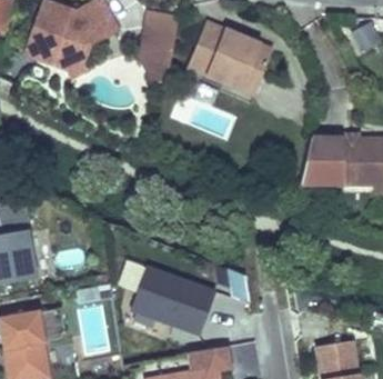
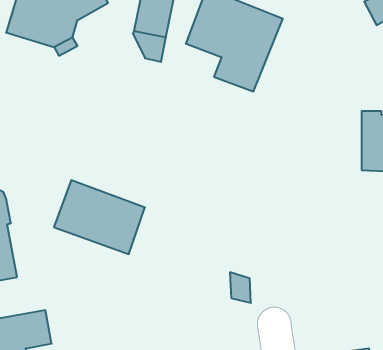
building: [301,130,347,183] -> none
building: [132,268,214,335] -> [54,180,145,254]

